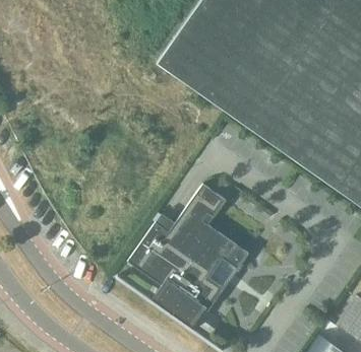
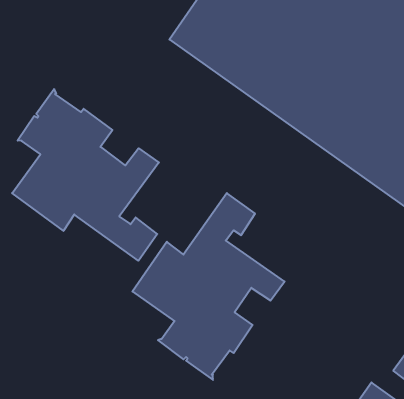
building: none -> [12,89,159,261]

